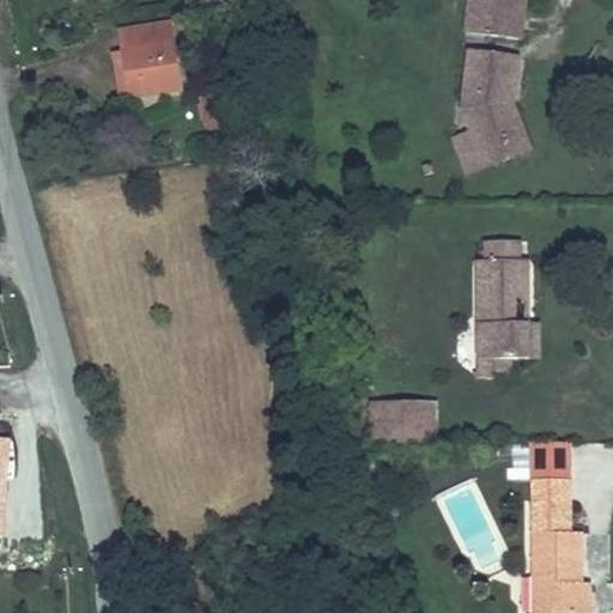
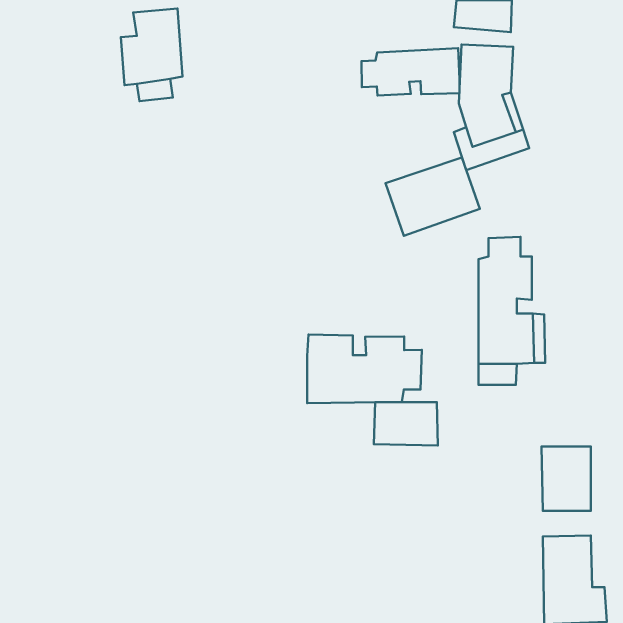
building: none -> [361,48,460,96]
building: none -> [385,158,480,236]
building: none -> [307,335,422,403]
building: [534,503,581,528] -> none

